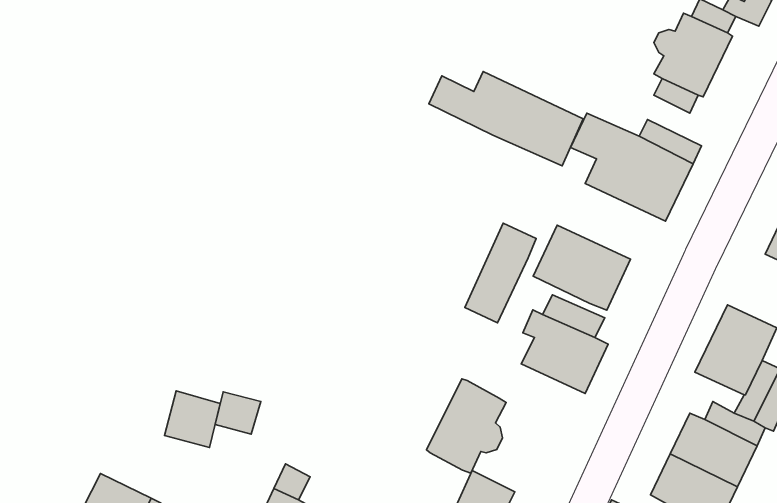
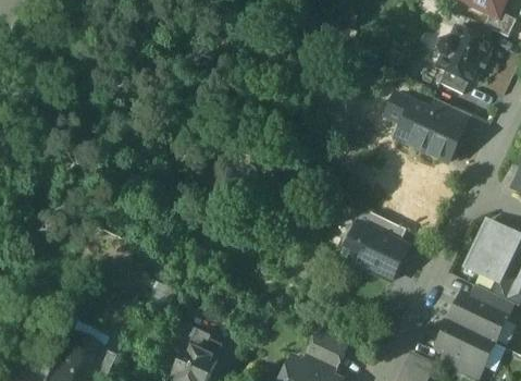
building: [429,72,583,166] -> none
building: [465,223,536,323] -> none
building: [533,225,631,310] -> none
building: [426,379,506,473] -> none
building: [165,391,220,447] -> none

